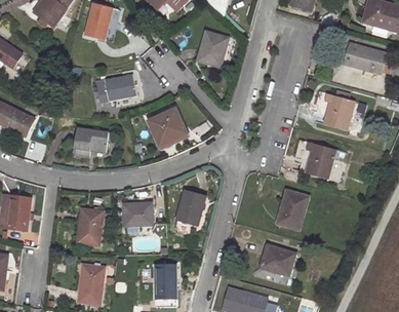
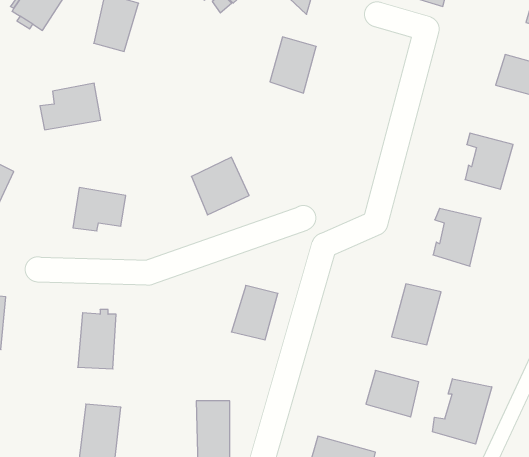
building: [96,73,135,103] -> [40,83,101,130]
building: [124,203,154,227] -> none
building: none -> [433,379,492,444]

